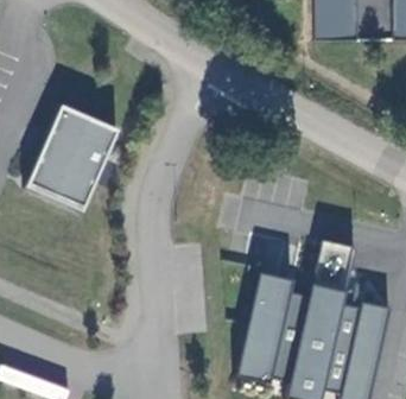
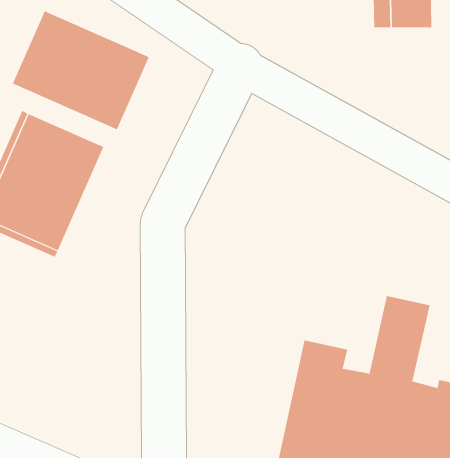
building: none -> [12,11,150,130]

